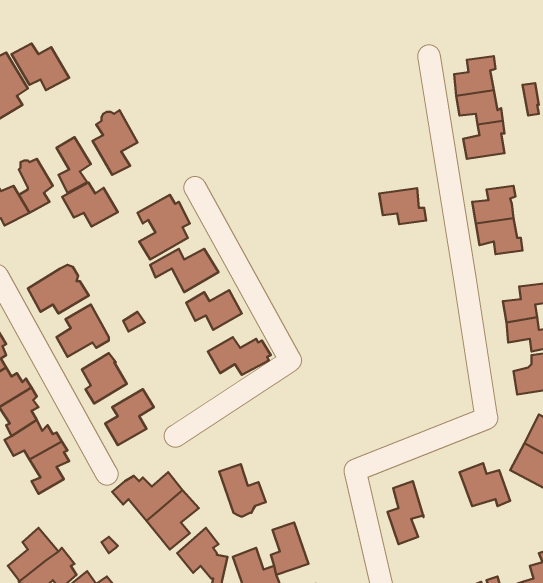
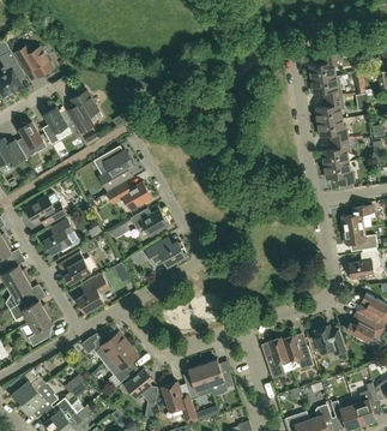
building: [62,183,118,226] -> none
building: [379,188,426,224] -> [318,119,349,143]
building: [219,464,266,516] -> [202,360,234,395]
building: none -> [282,335,312,371]

